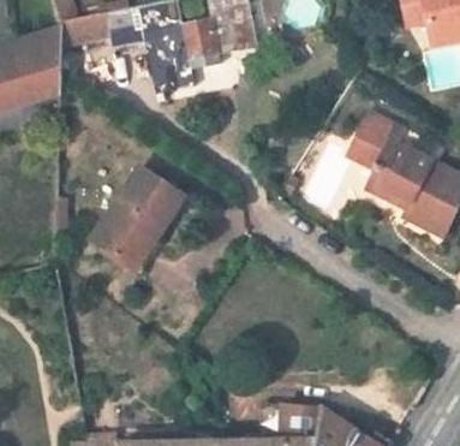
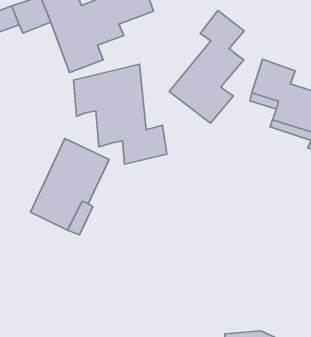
building: none -> [169,10,244,123]
building: none -> [73,64,167,164]

